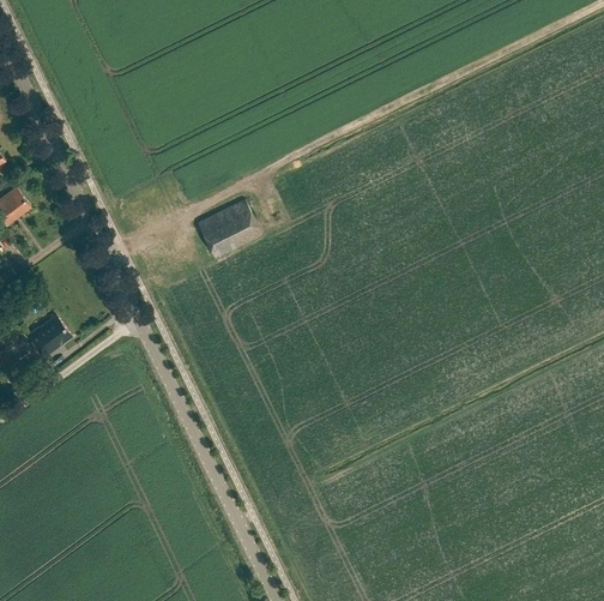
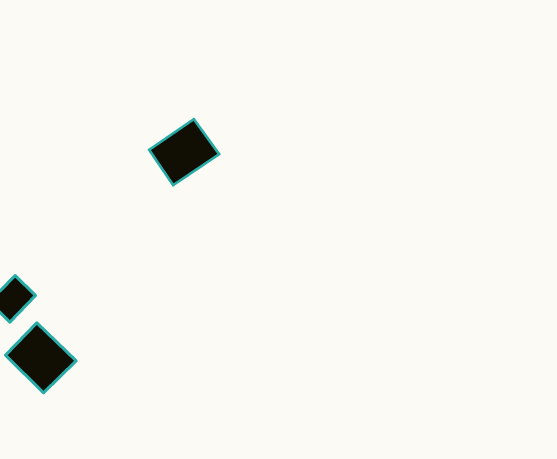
building: none -> [5,323,76,393]

